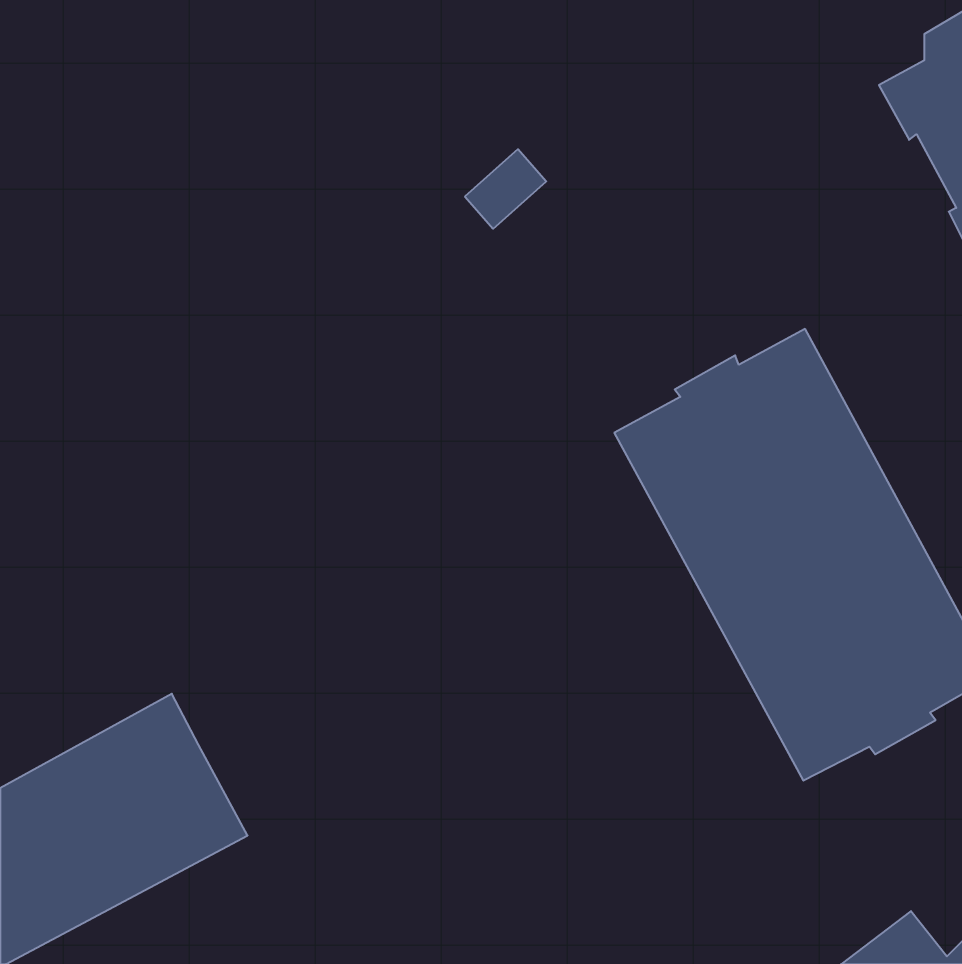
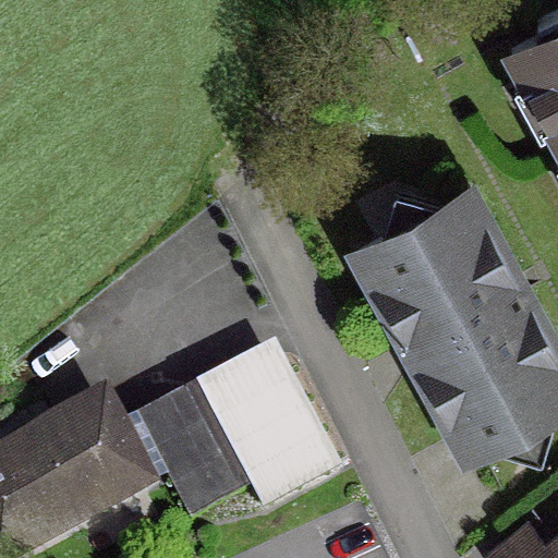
building: none -> [117,356,331,519]

